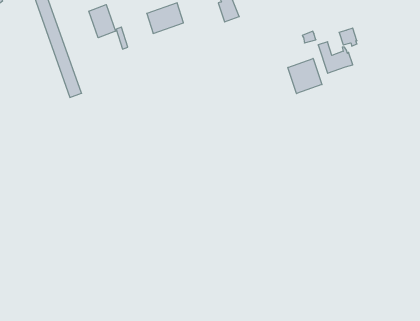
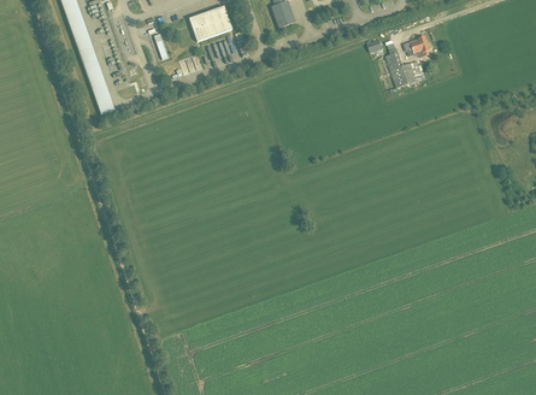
building: [89,5,116,38] -> none
building: [288,58,322,94] -> none

